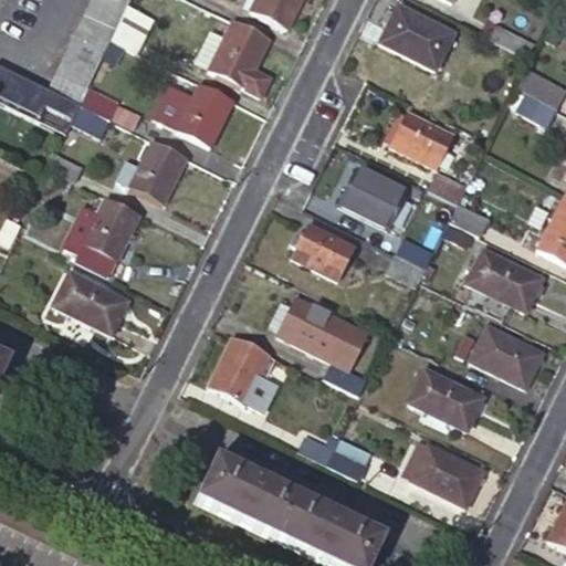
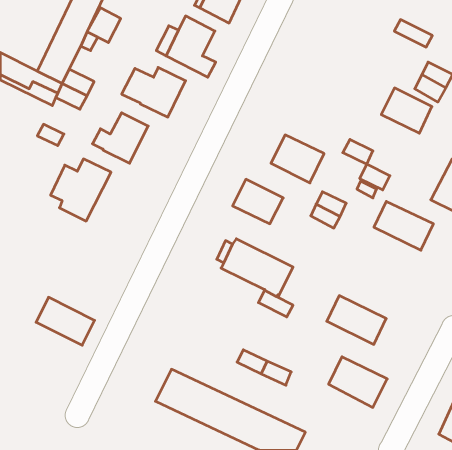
building: [379,7,453,71] -> none
building: [390,112,453,168] -> [381,88,432,133]
building: [54,273,127,333] -> [36,297,95,345]
building: [470,325,543,387] -> none
building: [209,337,275,410] -> none

